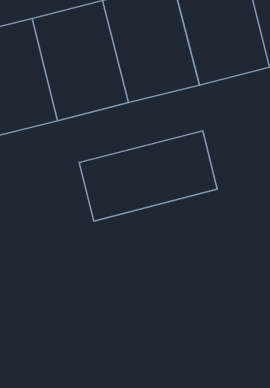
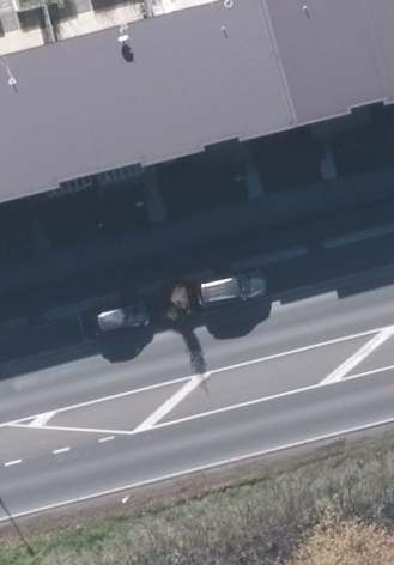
building: [79,131,217,221] -> none

